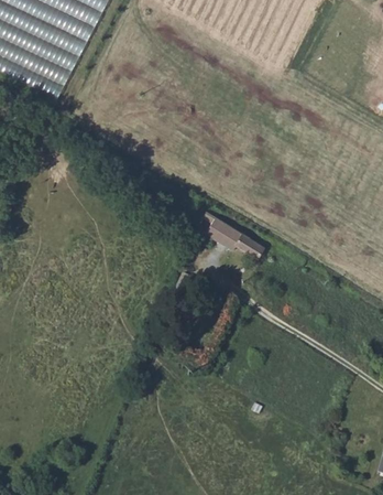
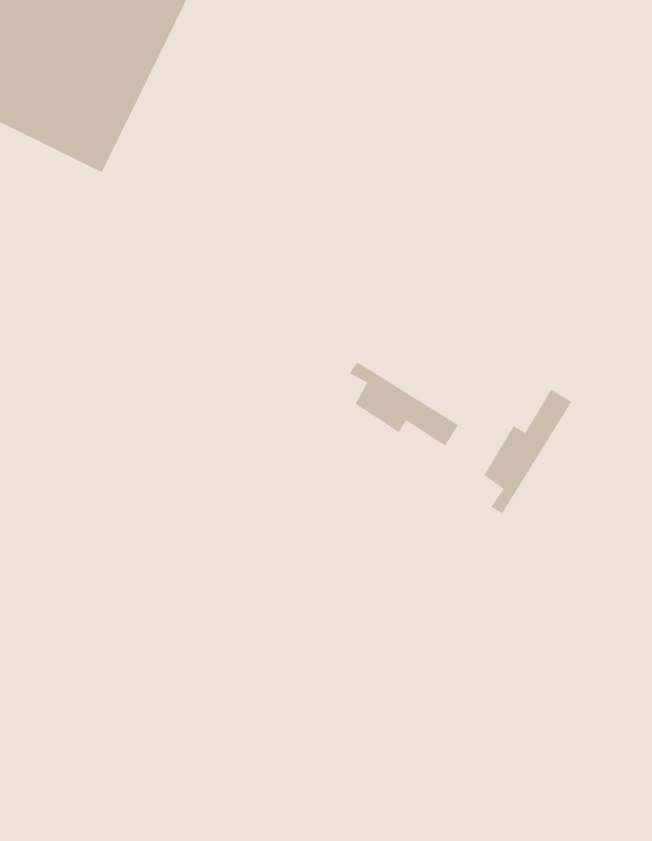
building: none -> [483,389,572,514]

